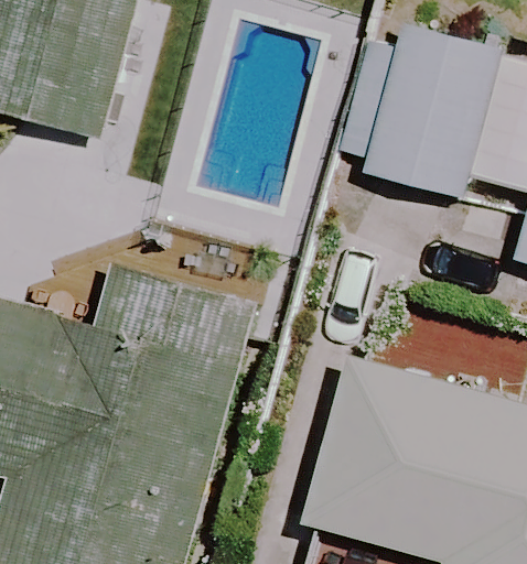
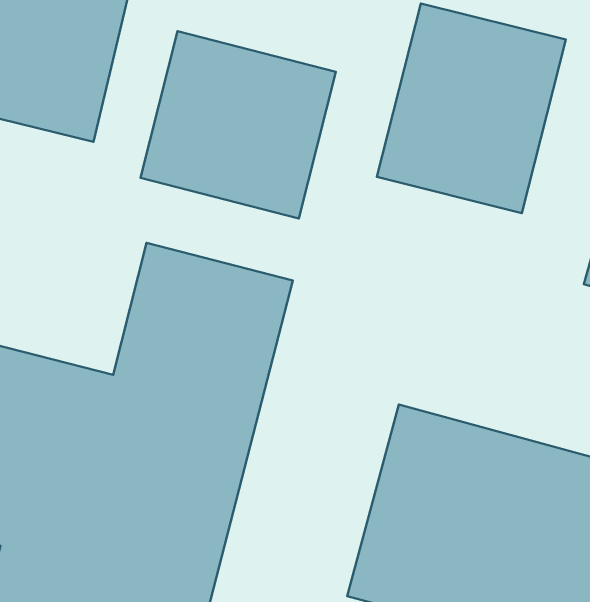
building: none -> [140,31,336,218]

